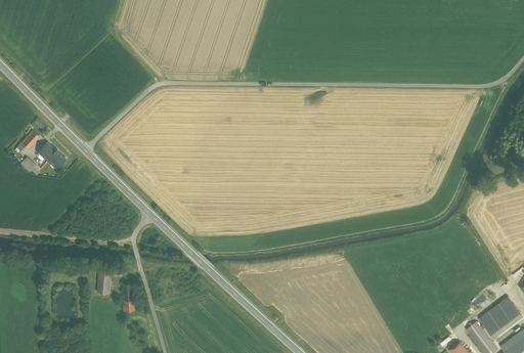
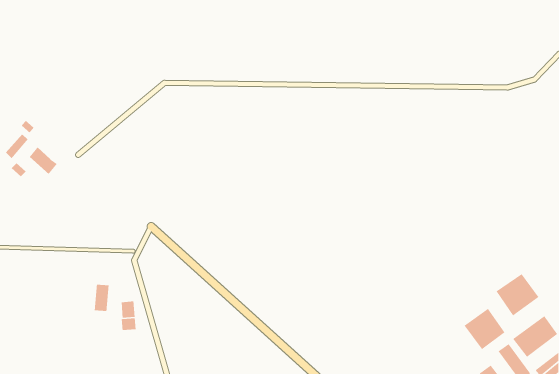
building: none -> [495,273,540,316]
building: none -> [464,308,505,350]

